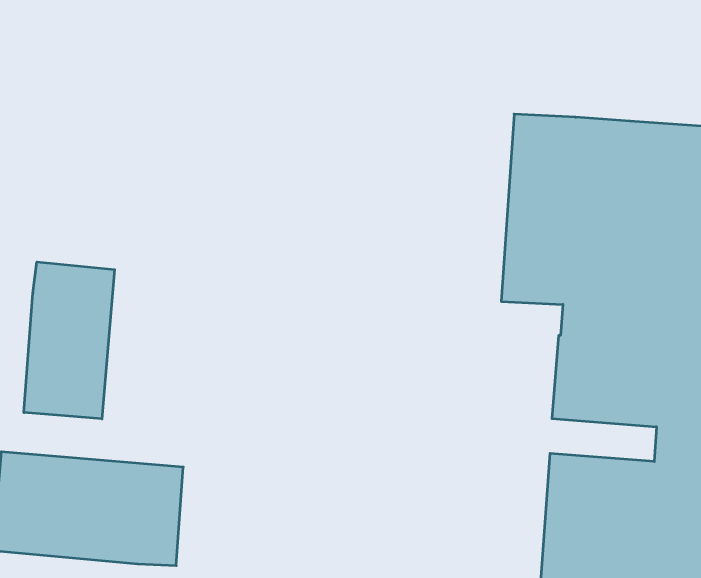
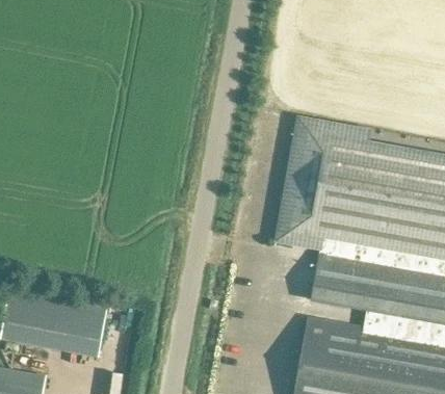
building: [24,262,115,419] -> none

